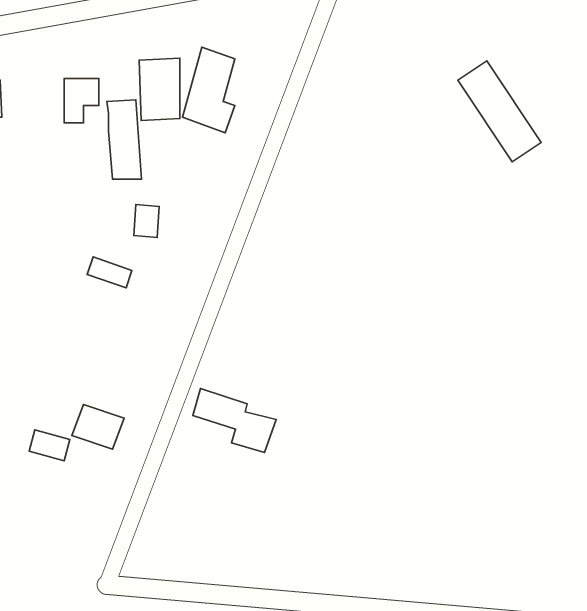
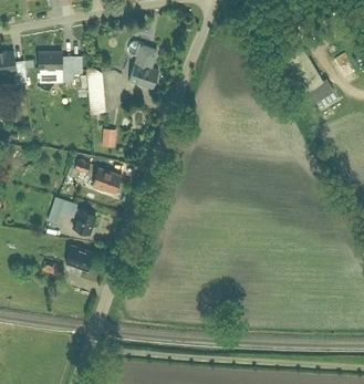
building: [139,58,180,120] -> [38,50,61,85]
building: none -> [93,168,122,195]
building: [193,388,276,452] -> [50,199,97,236]

